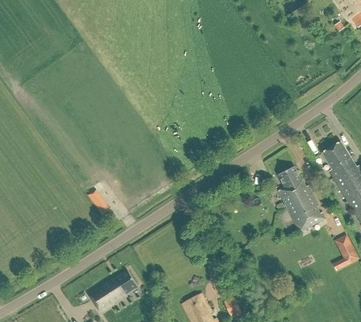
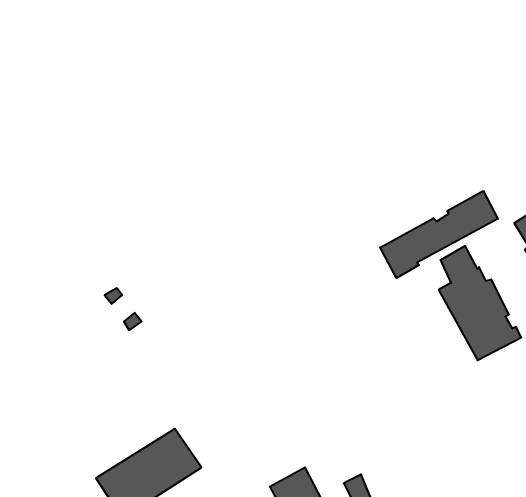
building: none -> [380,191,498,278]

